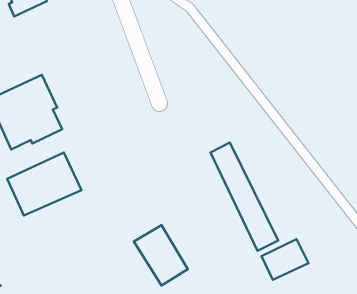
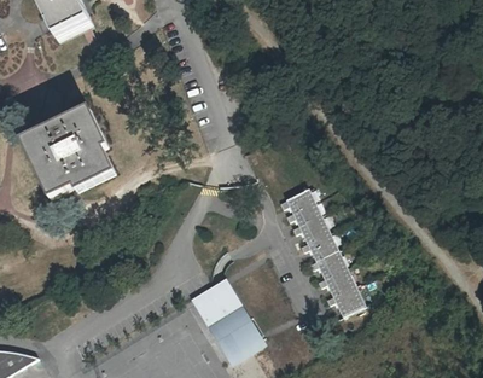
building: [7,153,81,216] -> none
building: [261,239,308,280] -> none

